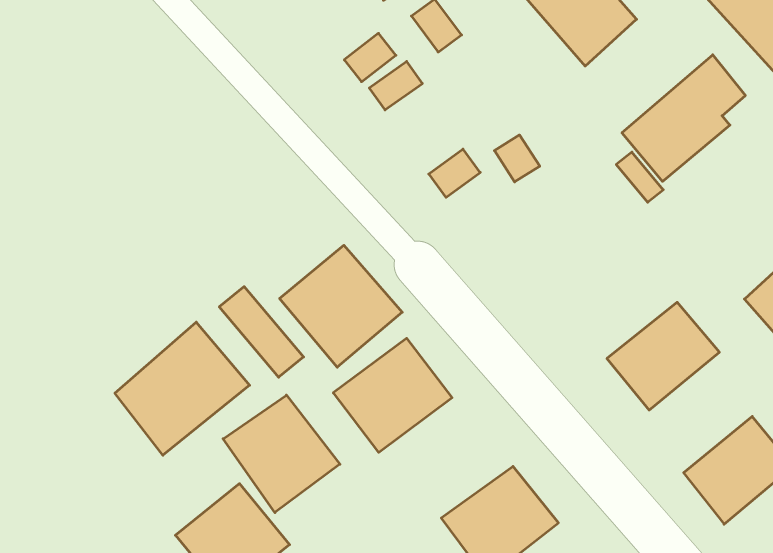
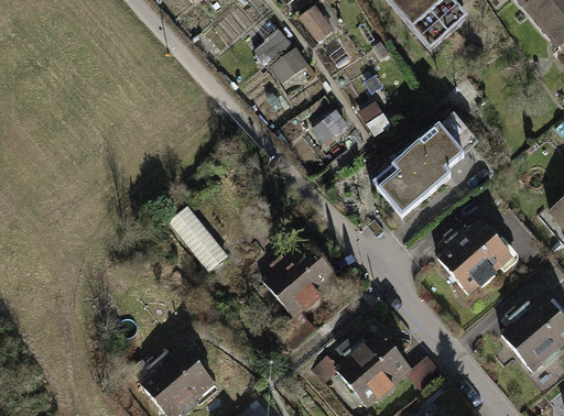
building: [622,55,745,181] -> [372,124,459,214]
building: [280,245,402,367] -> none
building: [115,322,250,455] -> none
building: [223,395,340,513] -> none

